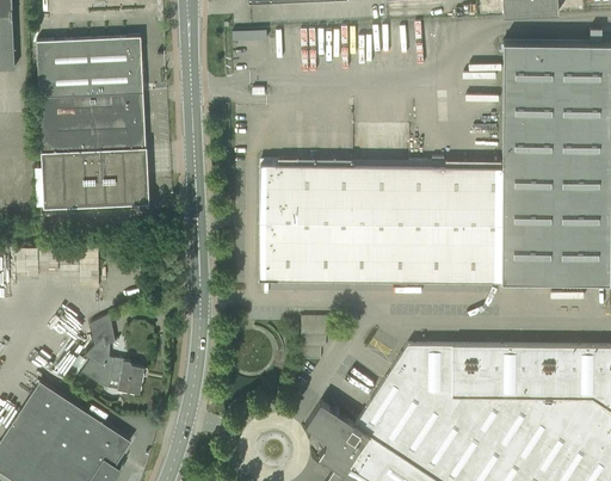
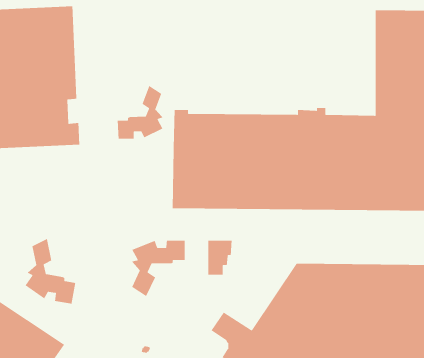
building: none -> [117,85,165,140]
building: none -> [129,240,186,297]

